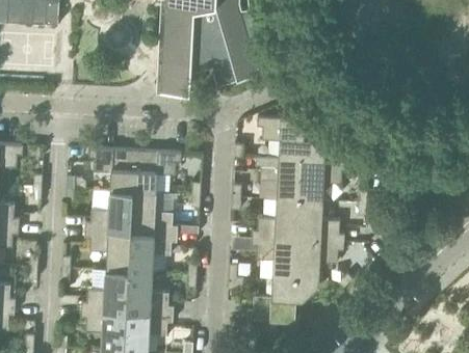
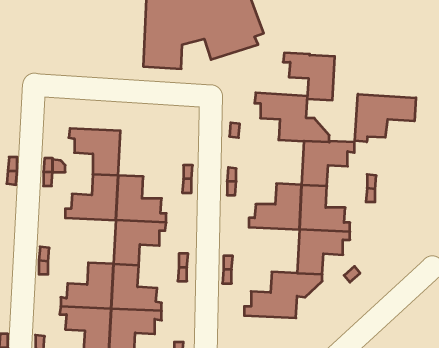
building: none -> [355,94,416,142]
building: [133,151,181,192] -> none
building: [255,157,302,199] -> [283,53,335,100]
building: [84,229,131,271] -> none
building: [252,238,297,279] -> none

